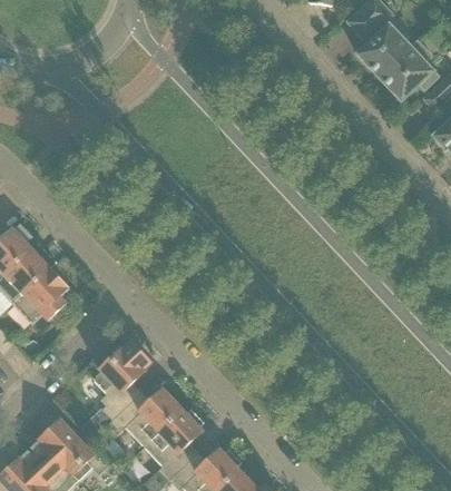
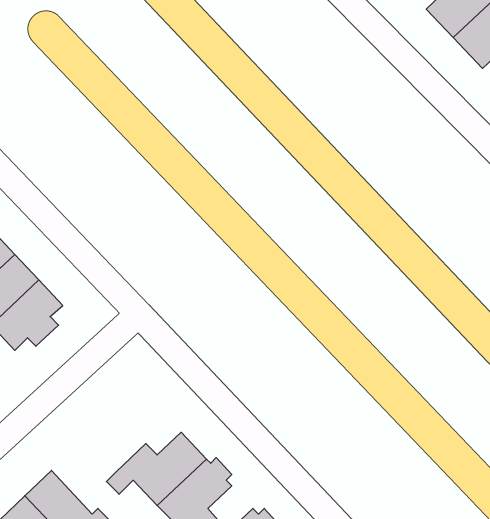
building: [92,341,150,419] -> none

